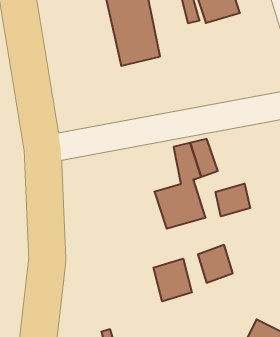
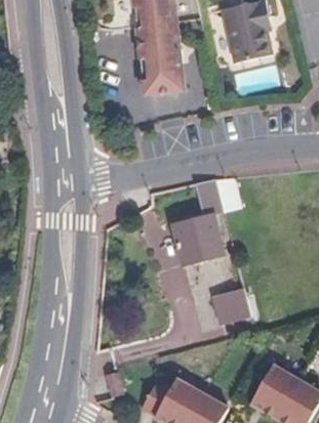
building: [215,184,250,216] -> none
building: [153,259,192,301] -> none

